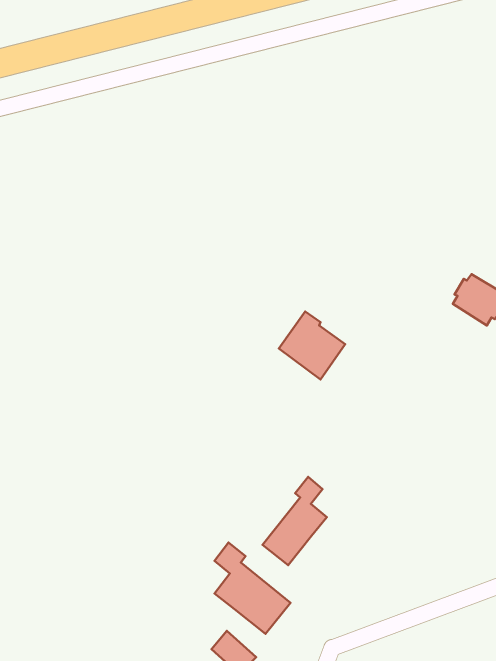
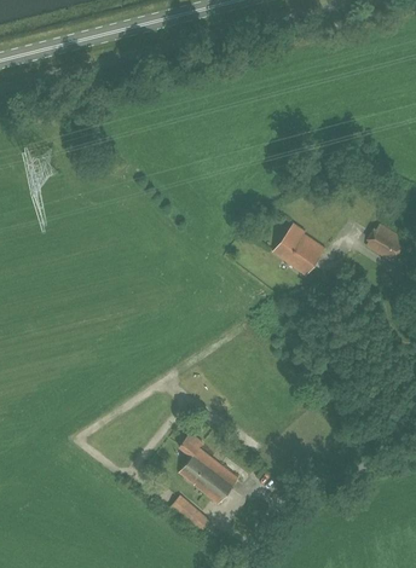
building: [279,311,345,380] -> [272,222,324,276]
building: [263,477,327,565] -> none

